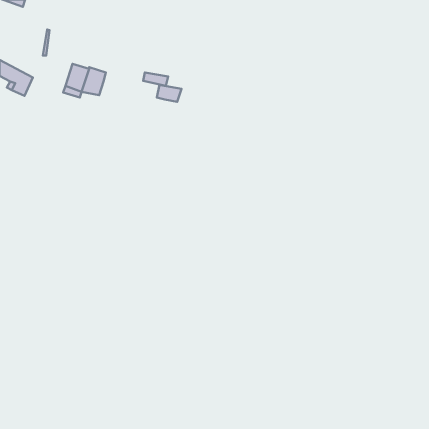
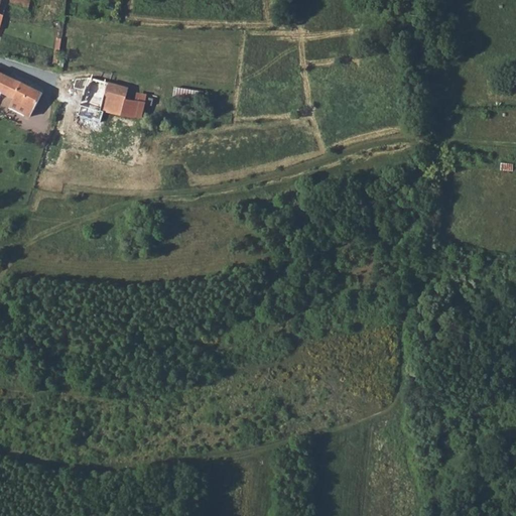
building: none -> [119,91,145,117]
building: [157,84,181,102] -> none

